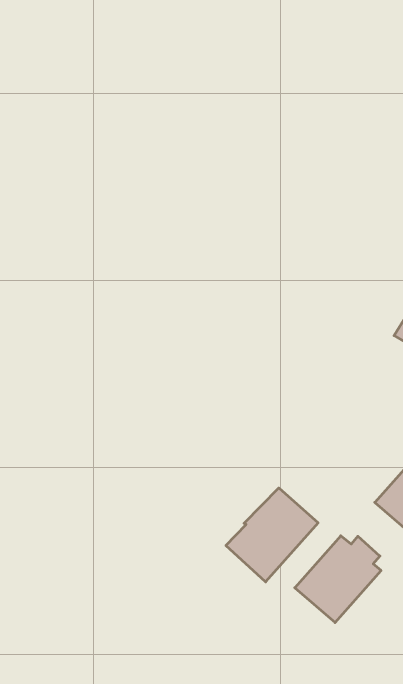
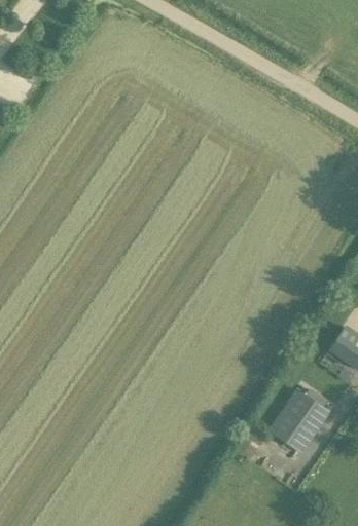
building: [226,488,318,582] -> none

